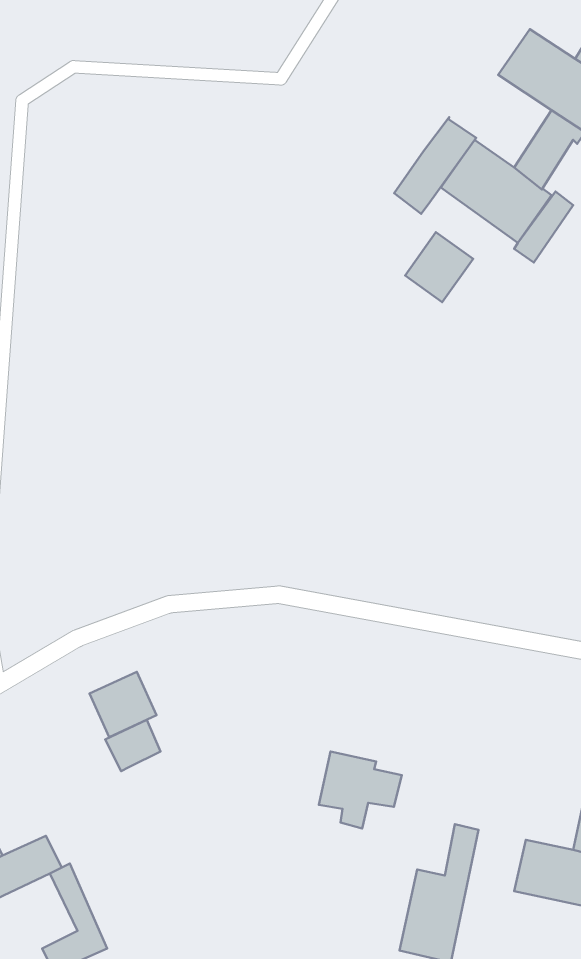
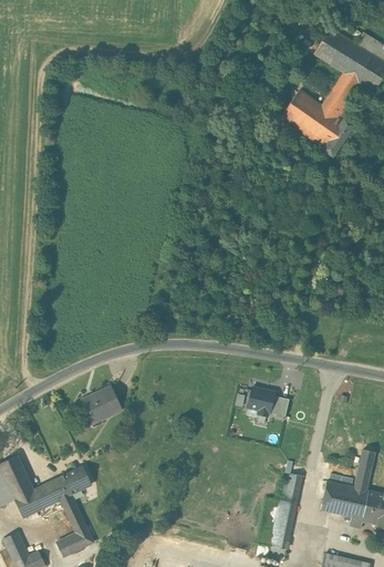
building: [394,117,476,214] -> none
building: [405,232,473,302] -> none
building: [105,720,161,771] -> [59,467,90,496]
building: [319,751,402,829] -> [242,384,289,427]

